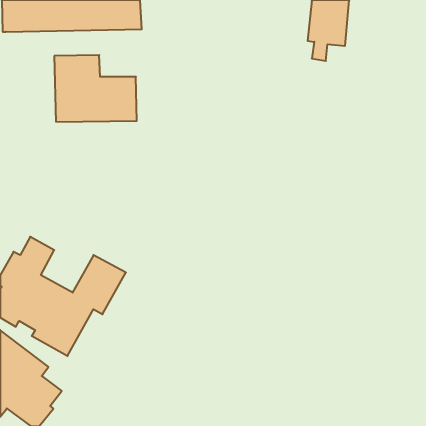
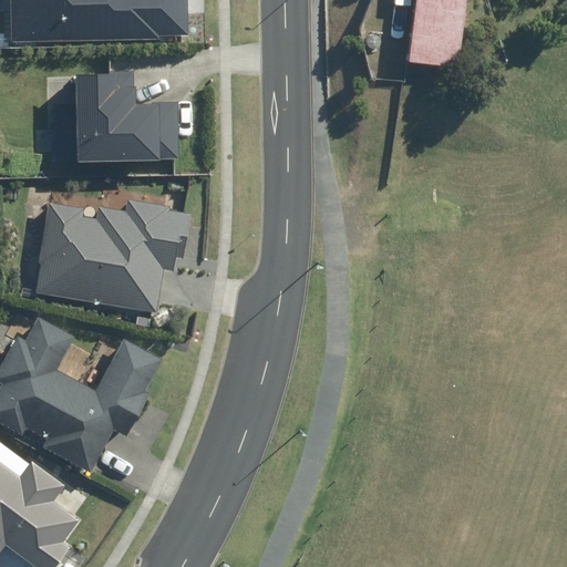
building: none -> [33,198,189,310]

